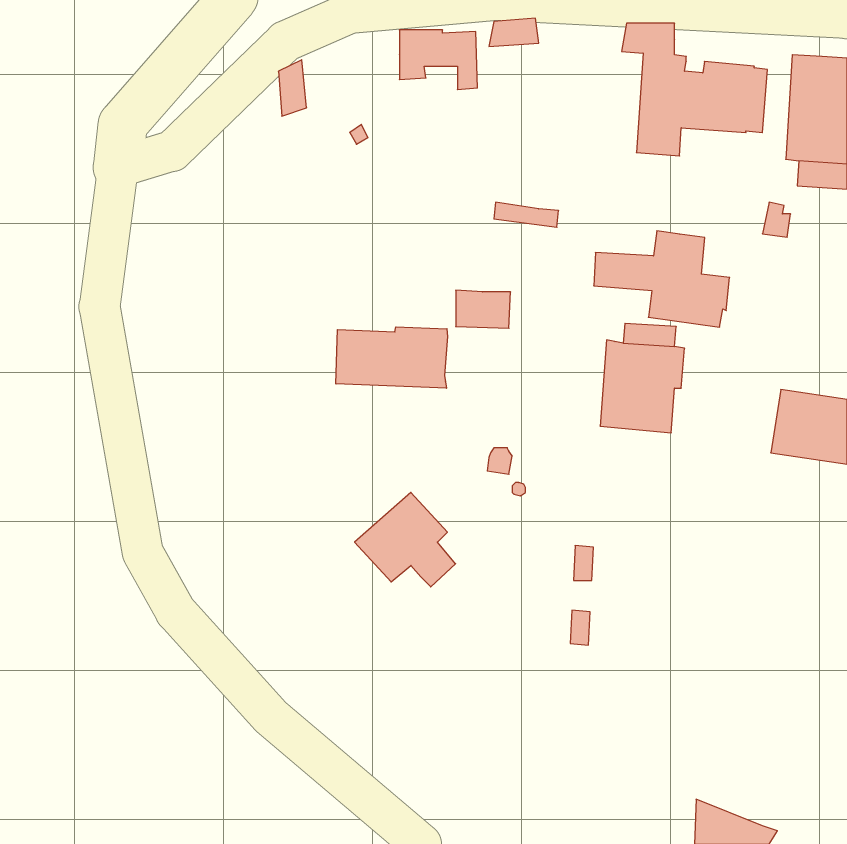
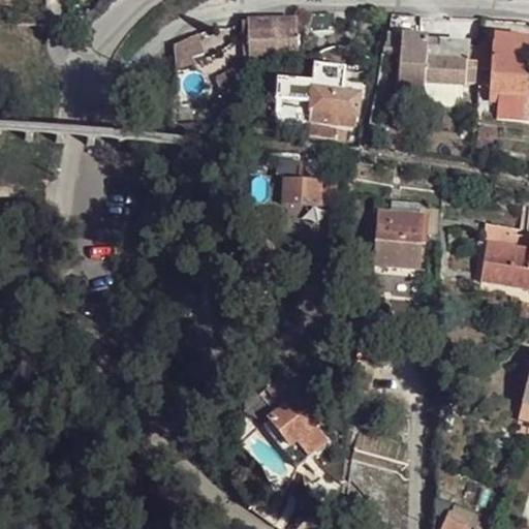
building: [594,231,730,327] -> [275,65,360,125]
building: [336,327,448,388] -> none
building: [355,492,456,587] -> [263,397,326,456]

